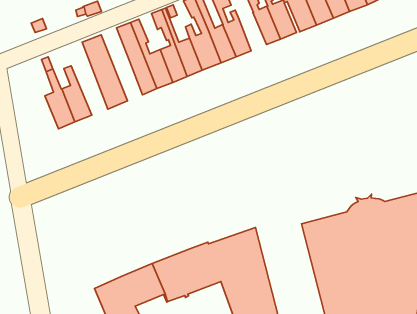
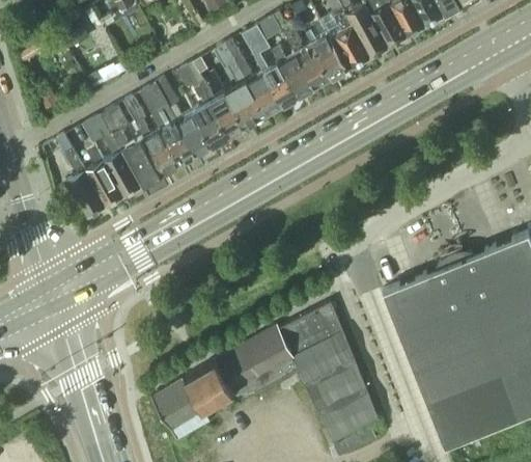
building: none -> [279,53,315,98]
building: none -> [122,96,179,174]
building: none -> [82,113,141,196]

